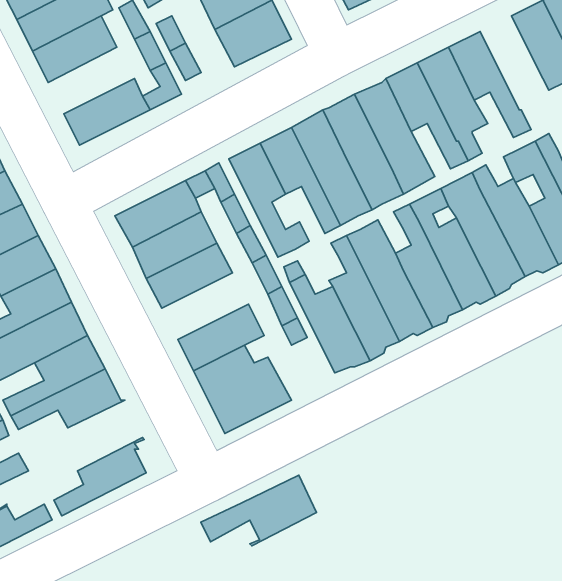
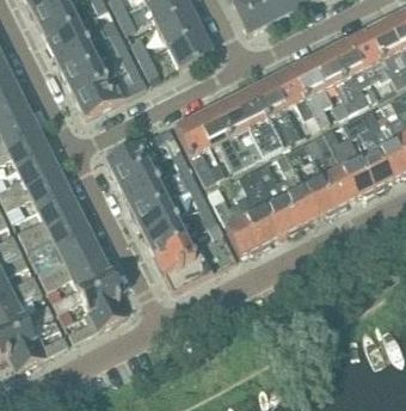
building: none -> [327,36,369,105]
building: none -> [64,55,117,96]
building: none -> [134,192,186,233]
building: [201,475,317,546] -> [51,270,122,313]

